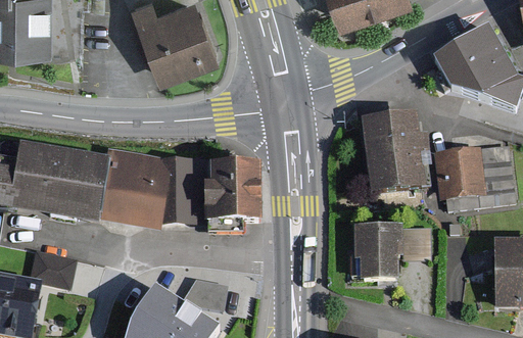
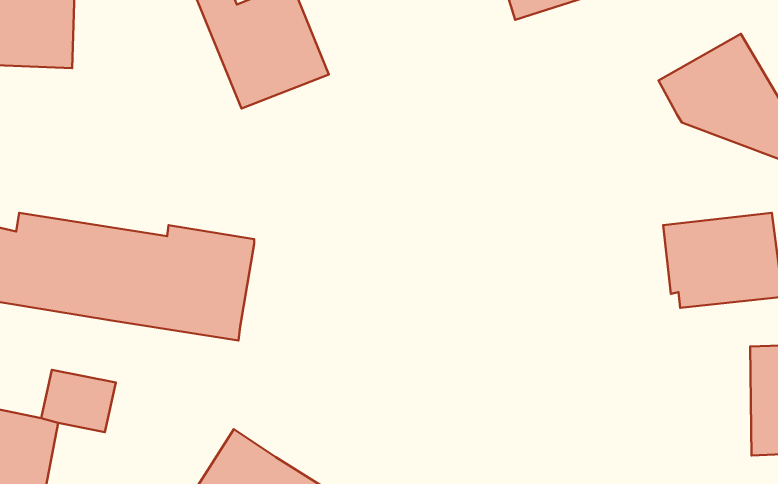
building: [361,115,433,194] -> none
building: [159,168,259,224] -> none
building: [356,226,431,279] -> none
building: [182,282,228,311] -> none

